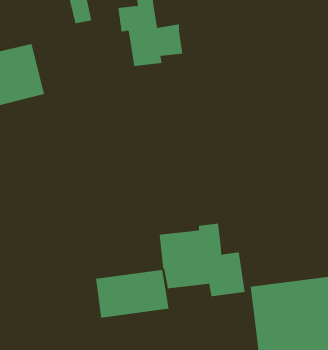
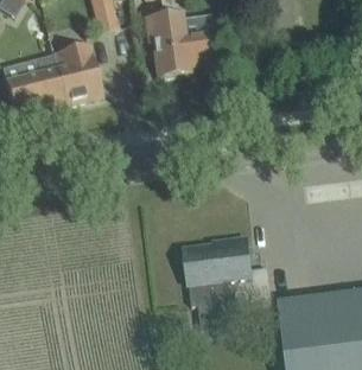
building: none -> [55,43,102,104]
building: [96,269,169,318] -> none

